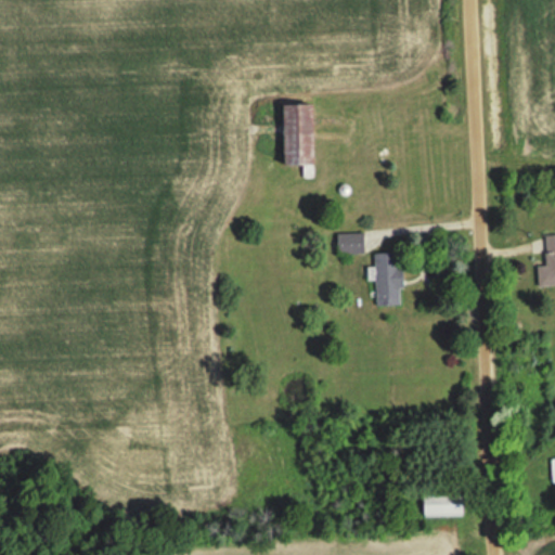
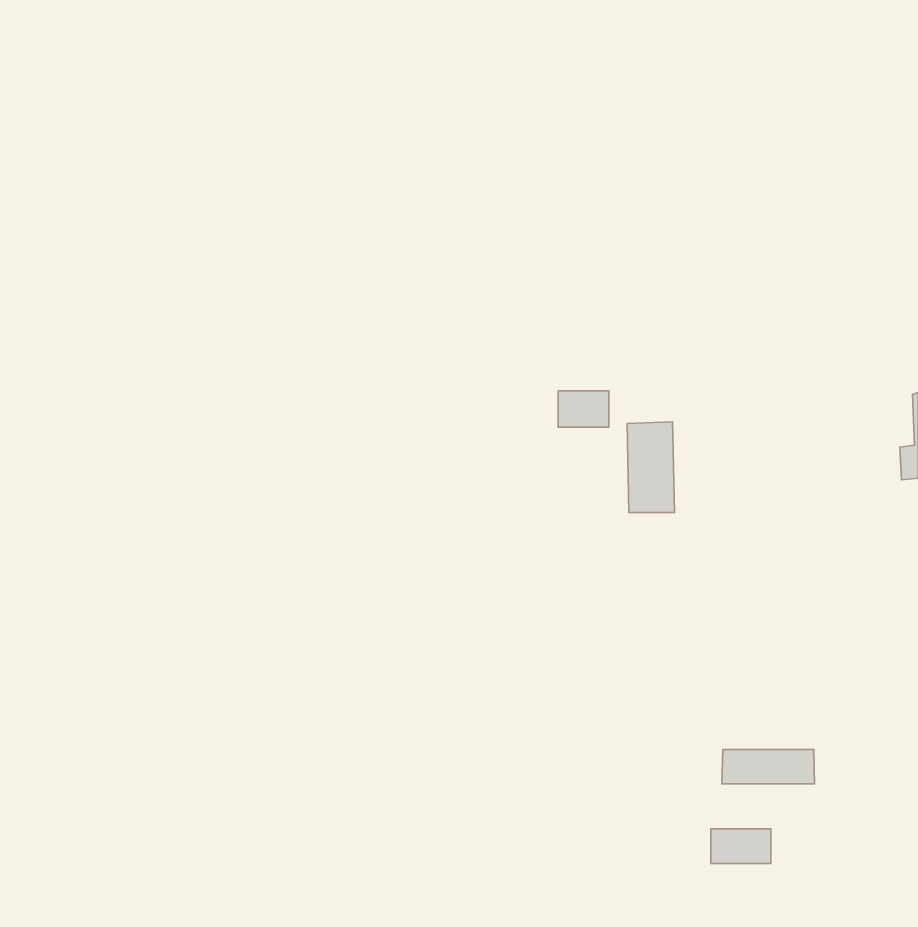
building: [289,104,320,165] -> none
building: none -> [722,750,815,784]

